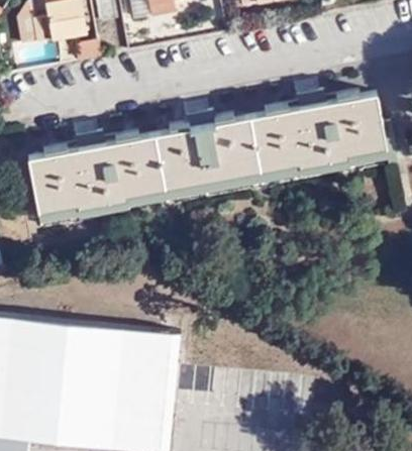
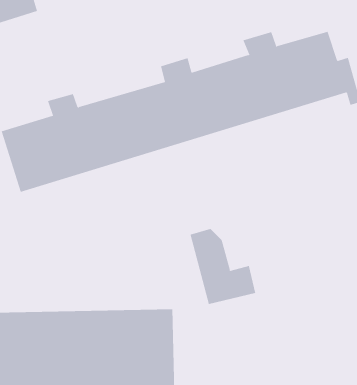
building: none -> [190,228,256,305]

